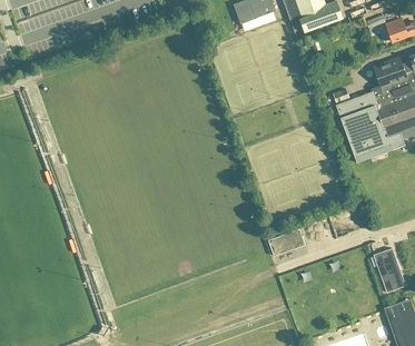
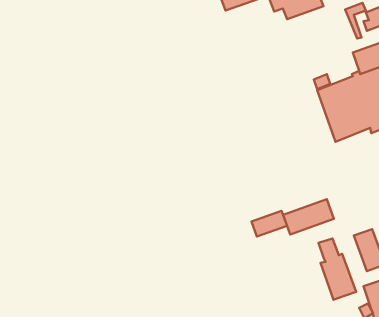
building: none -> [283,199,334,234]
building: none -> [319,239,356,300]

